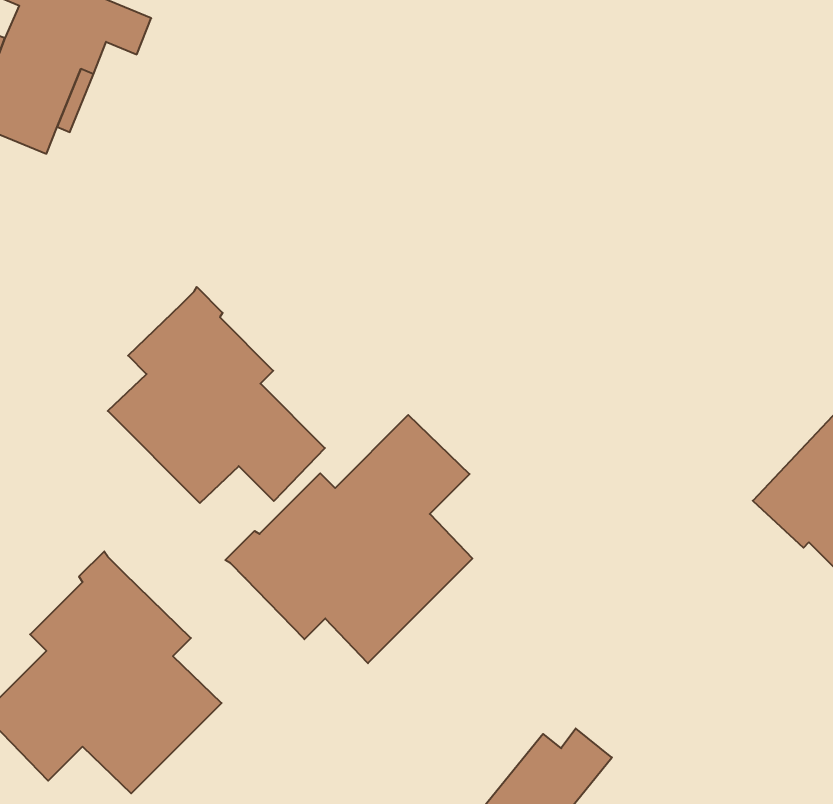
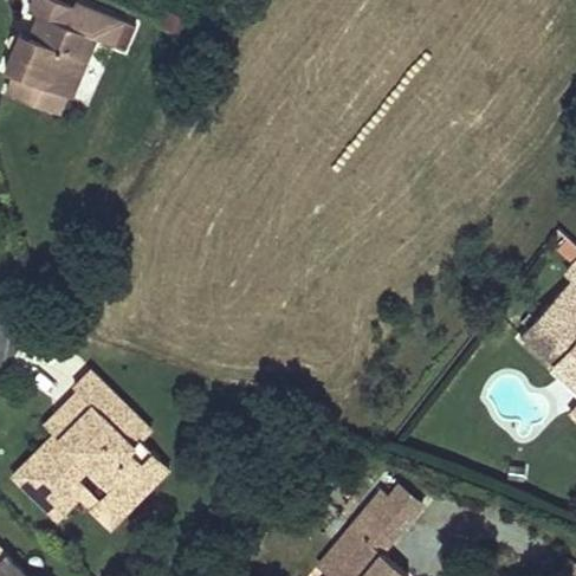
building: [108,287,325,503] -> none
building: [225,415,472,663] -> none

